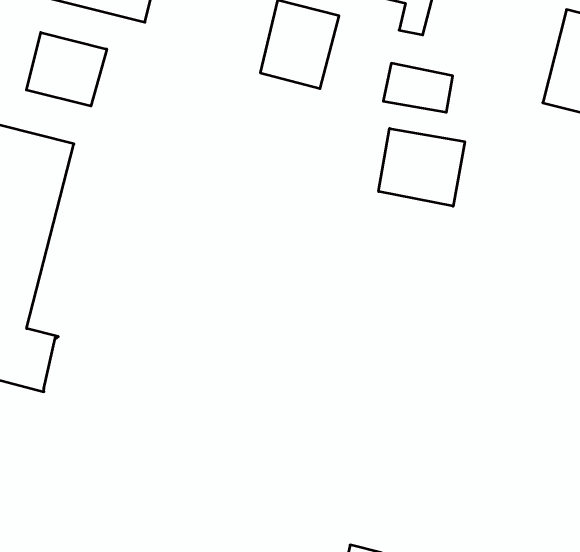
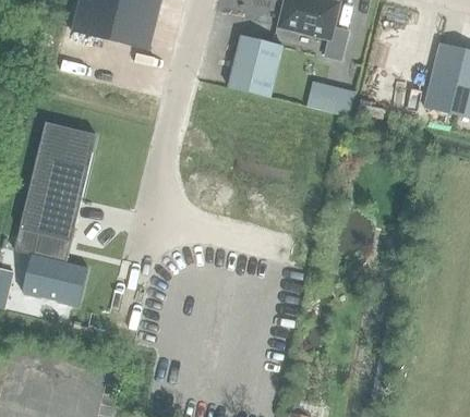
building: [26,32,107,106] -> none
building: [379,128,465,206] -> none

